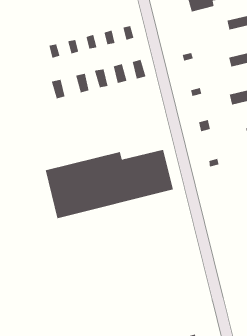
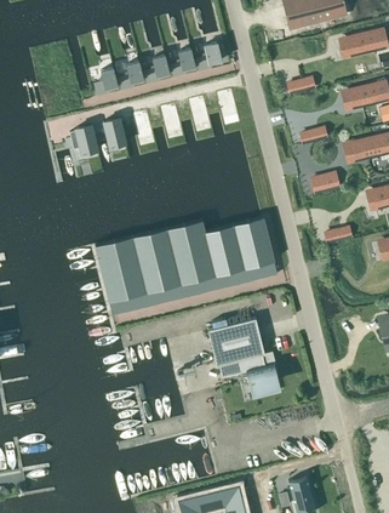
building: none -> [69,125,97,156]
building: none -> [207,318,276,389]

